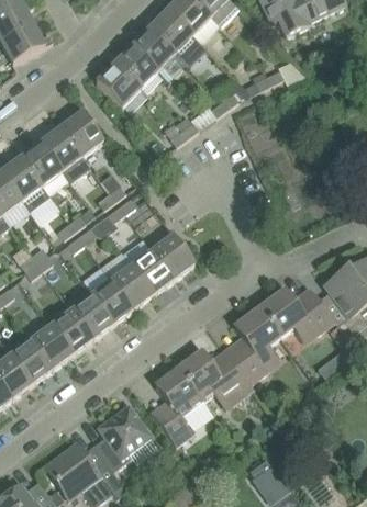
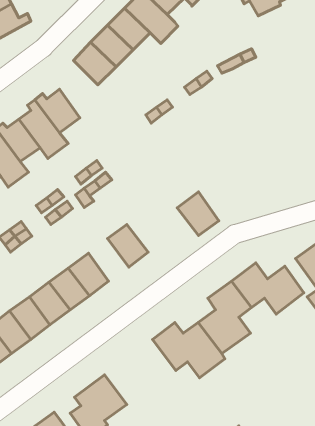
building: [151,234,193,279] -> [177,192,219,236]
building: [111,264,153,308] -> none
building: [149,369,201,446] -> none

